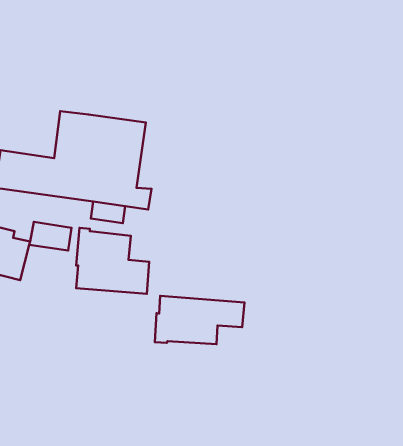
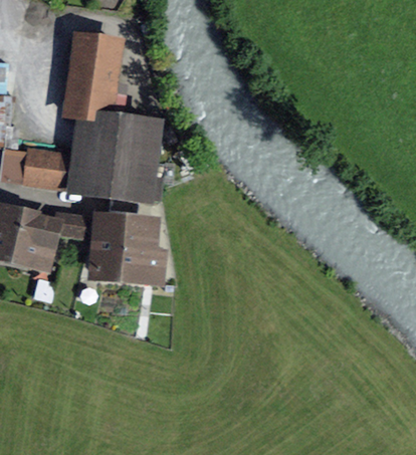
building: none -> [66,30,118,119]
building: [155,296,245,344] -> none

